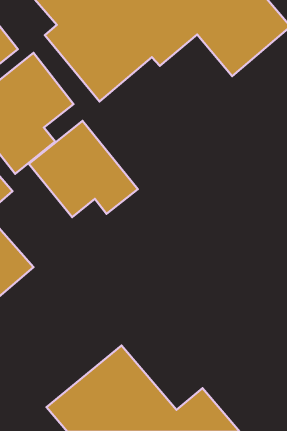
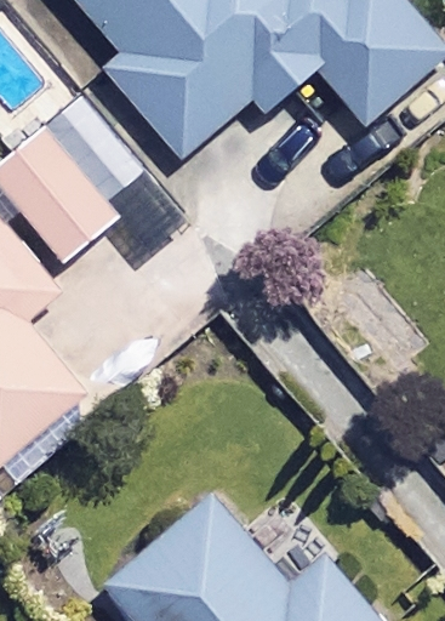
building: [29,121,138,217] -> none

